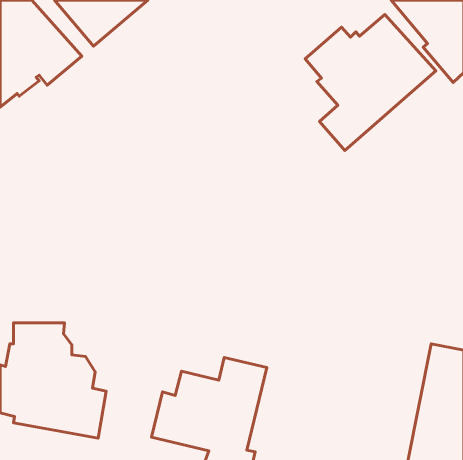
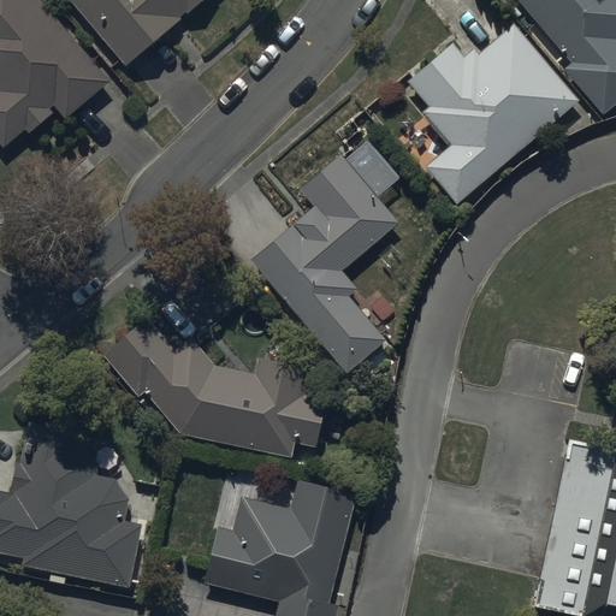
building: none -> [248,140,401,375]
building: none -> [100,314,324,457]

